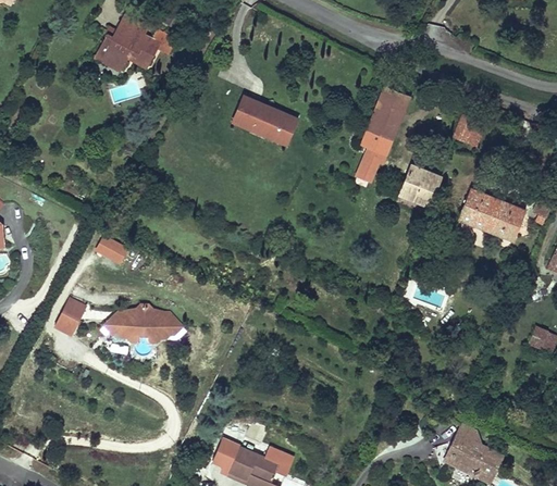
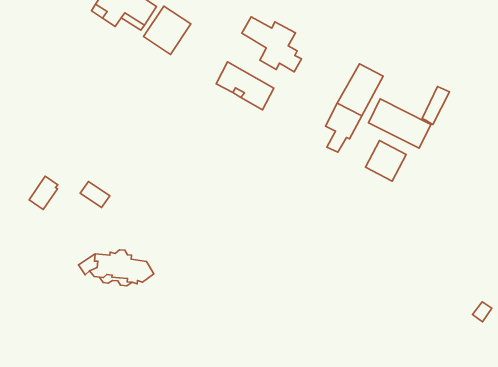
building: none -> [144,6,191,54]
building: none -> [242,17,302,72]
building: [461,191,527,239] -> [368,99,431,148]
building: [60,298,88,333] -> [29,176,58,209]

